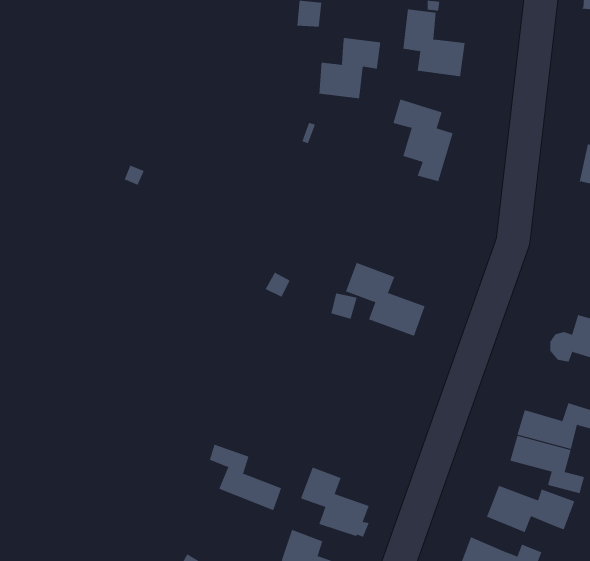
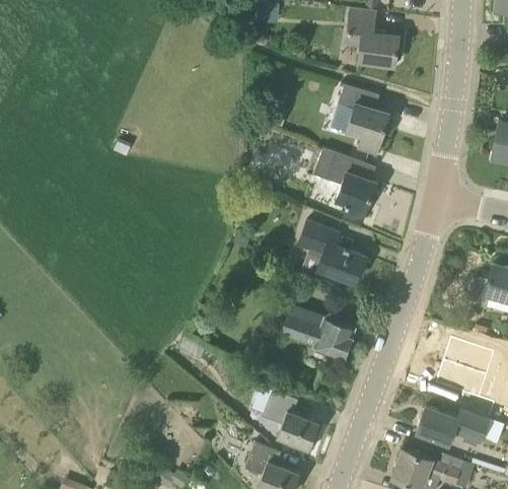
building: [319,37,381,99] -> none
building: none -> [313,148,376,223]
building: none -> [281,313,356,357]
building: [209,444,282,511] -> none

